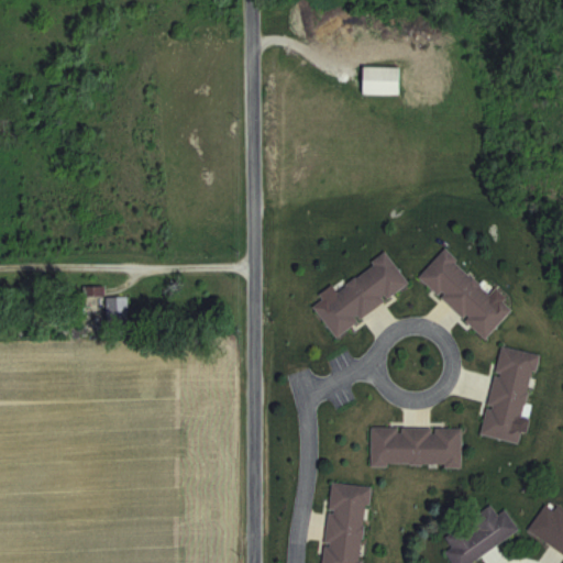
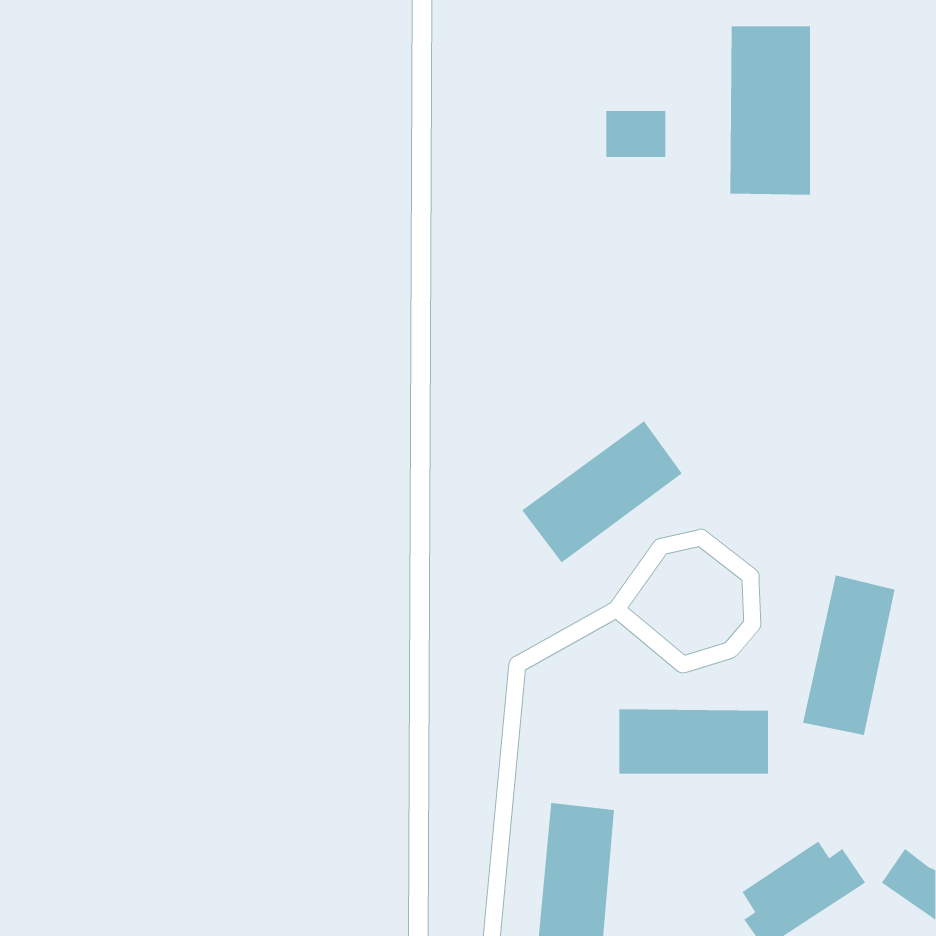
building: none -> [729,26,811,195]
building: [419,250,510,339] -> none
building: [106,297,128,322] -> none

